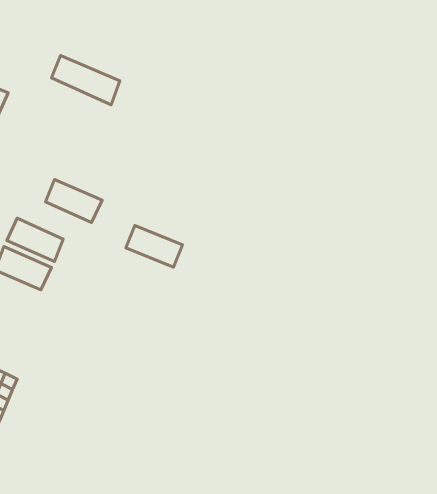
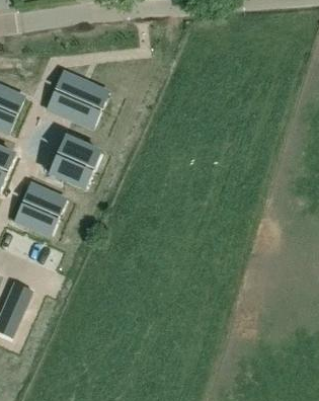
building: none -> [44,94,91,127]
building: [126,225,182,267] -> [57,139,95,167]

